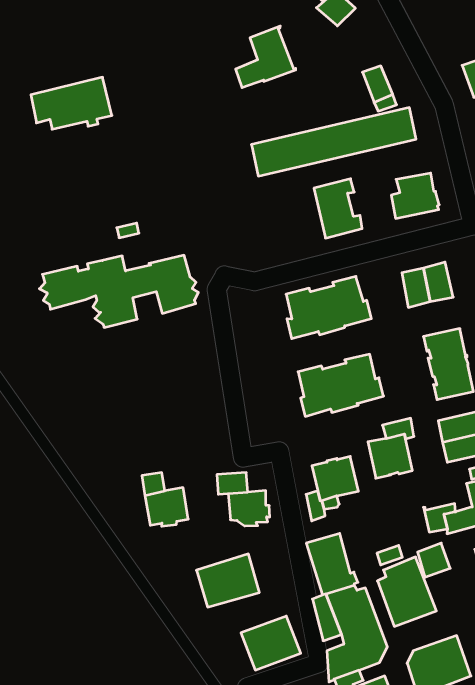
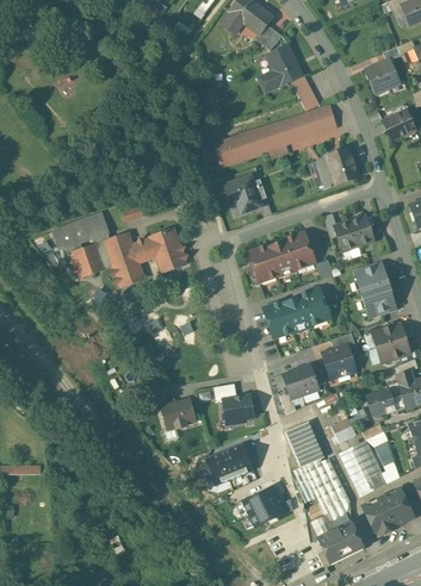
building: [236,26,296,88] -> [259,44,303,92]
building: [31,77,112,129] -> [54,211,114,253]
building: [314,179,362,238] -> [228,173,266,218]

